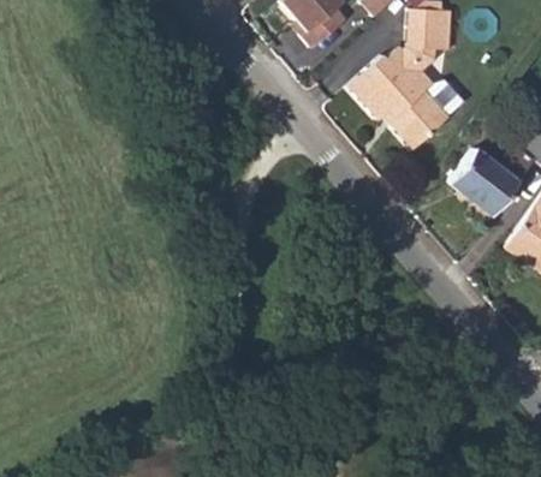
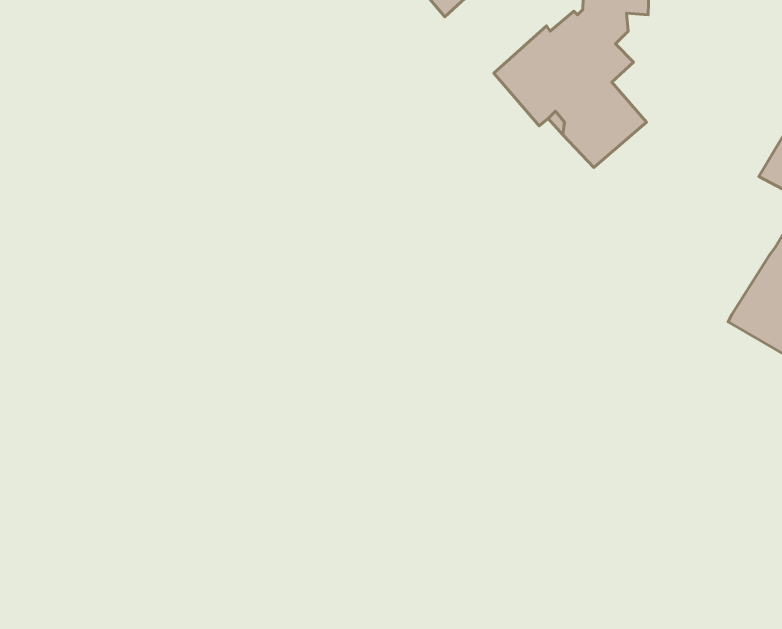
building: [450,148,517,215] -> none

